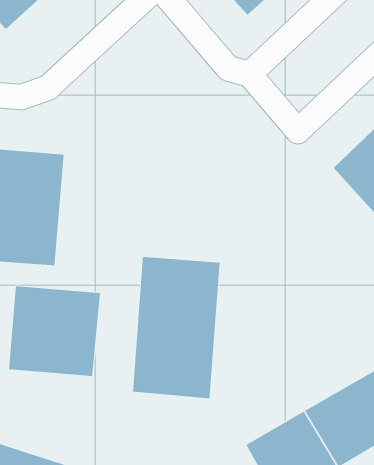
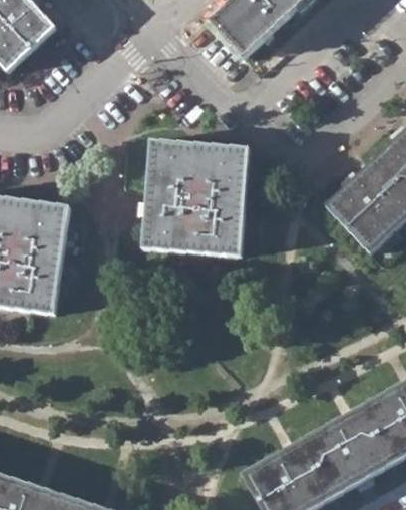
building: none -> [143,145,248,259]
building: [132,256,220,399] -> none
building: [9,286,100,377] -> none

